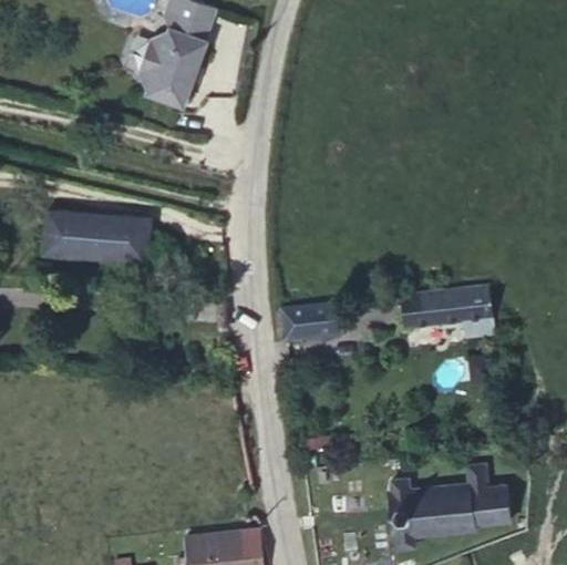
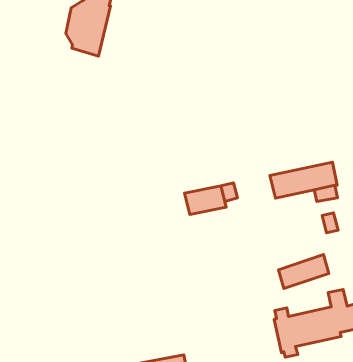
building: [45,213,150,263] -> none
building: none -> [279,255,329,289]

